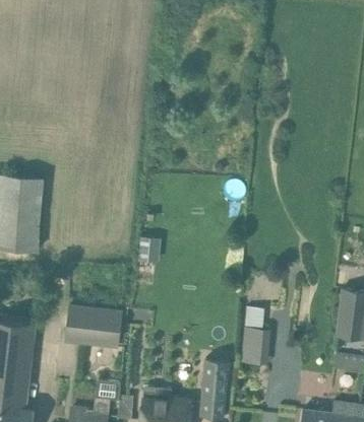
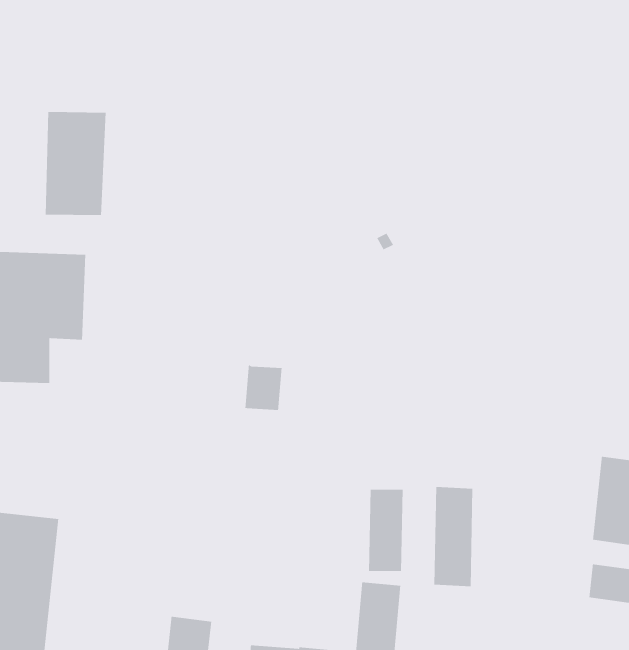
building: none -> [45,111,107,216]
building: [64,306,123,350] -> none
building: none -> [368,489,403,572]

